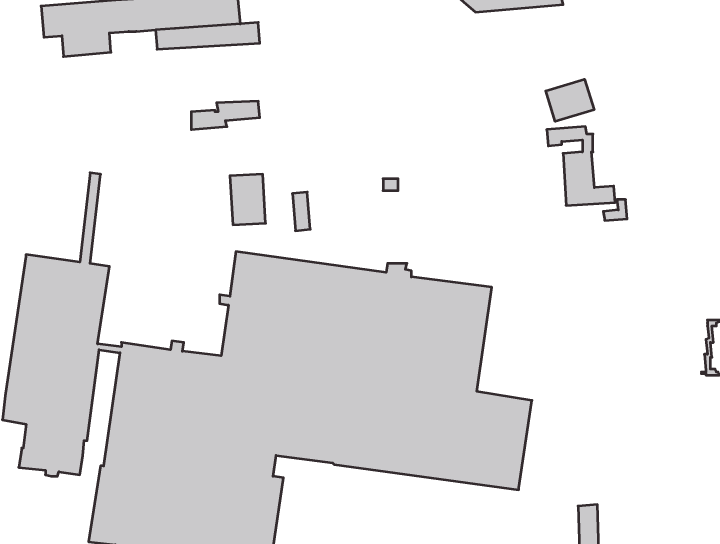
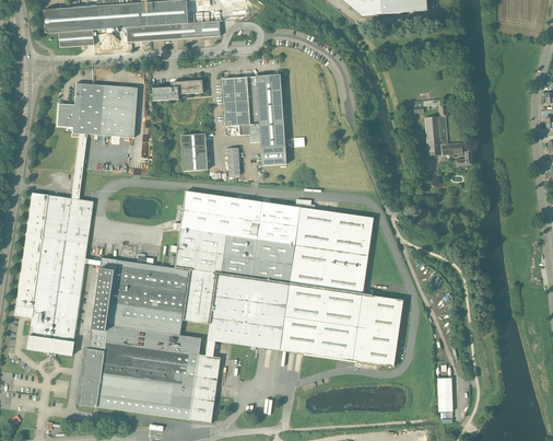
building: [546,79,594,121] -> none
building: none -> [222,74,286,165]
building: none -> [57,82,138,137]

